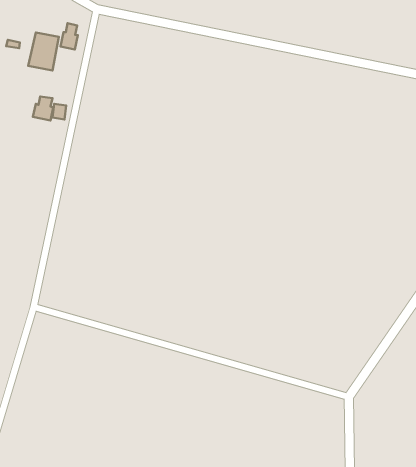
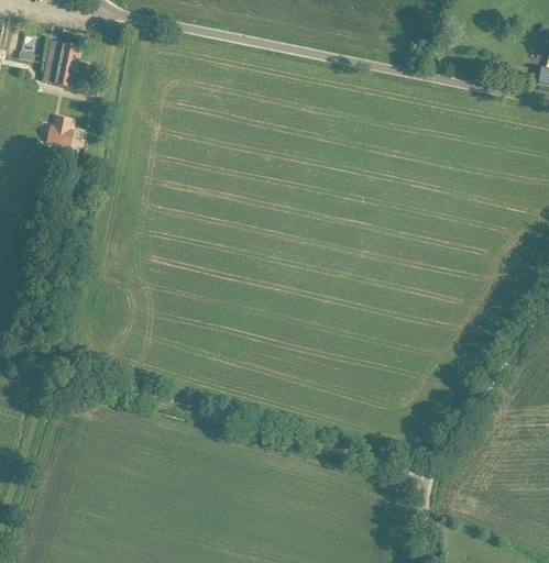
building: [61,23,78,49] -> none

